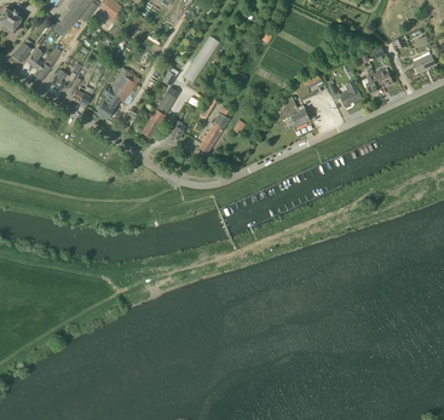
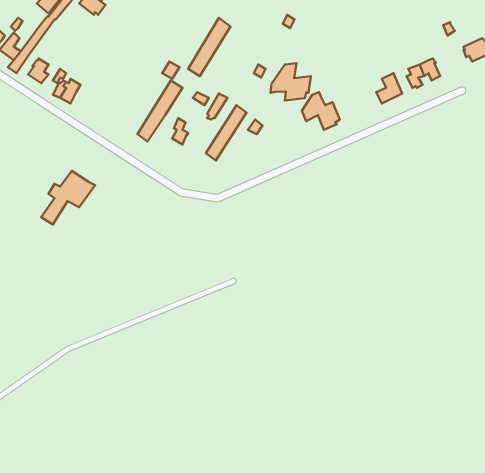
building: none -> [271,63,311,101]
building: [97,74,142,119] -> [41,171,95,224]

